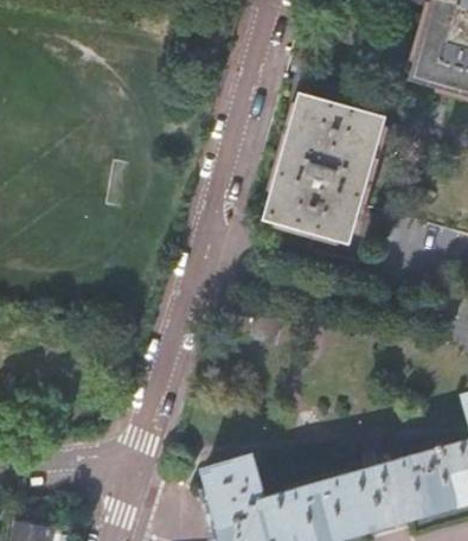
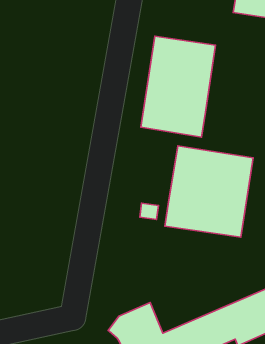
building: none -> [165,146,253,237]

